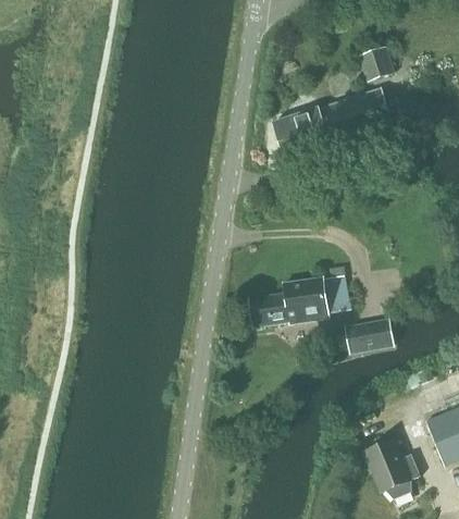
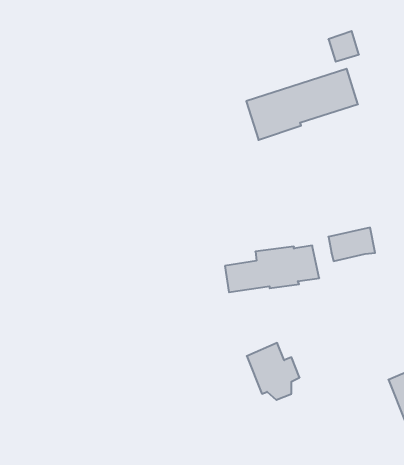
building: [345,318,395,354] -> [328,228,375,261]
building: [363,438,420,499] -> [247,343,300,400]

